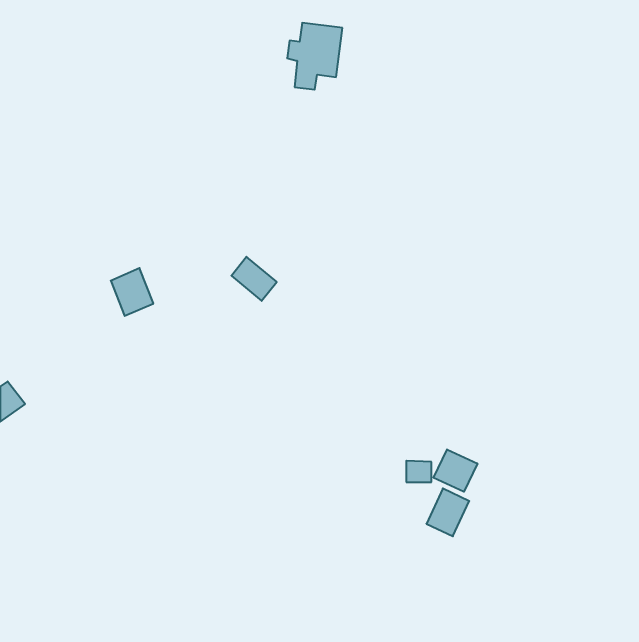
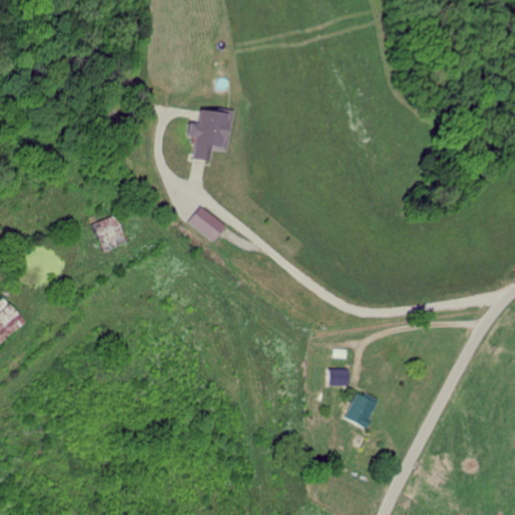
building: [287,23,342,90] -> [186,108,230,161]
building: [434,449,477,492] -> none

